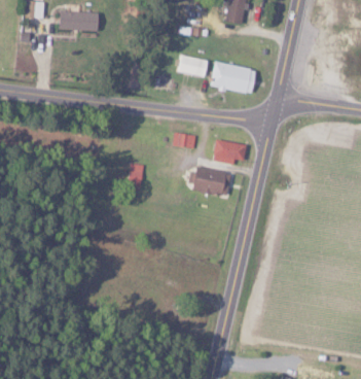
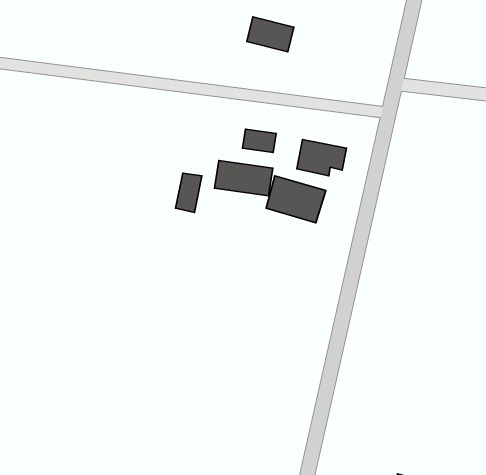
building: [209,61,255,95] -> none
building: none -> [215,160,273,196]

